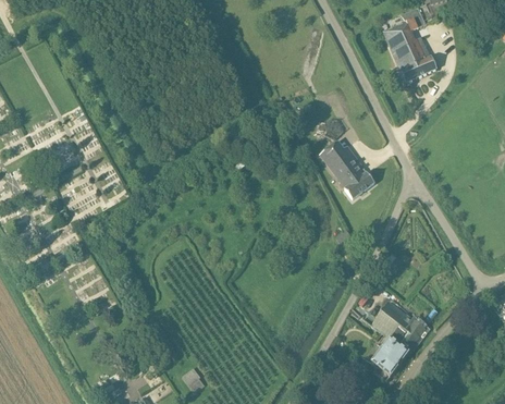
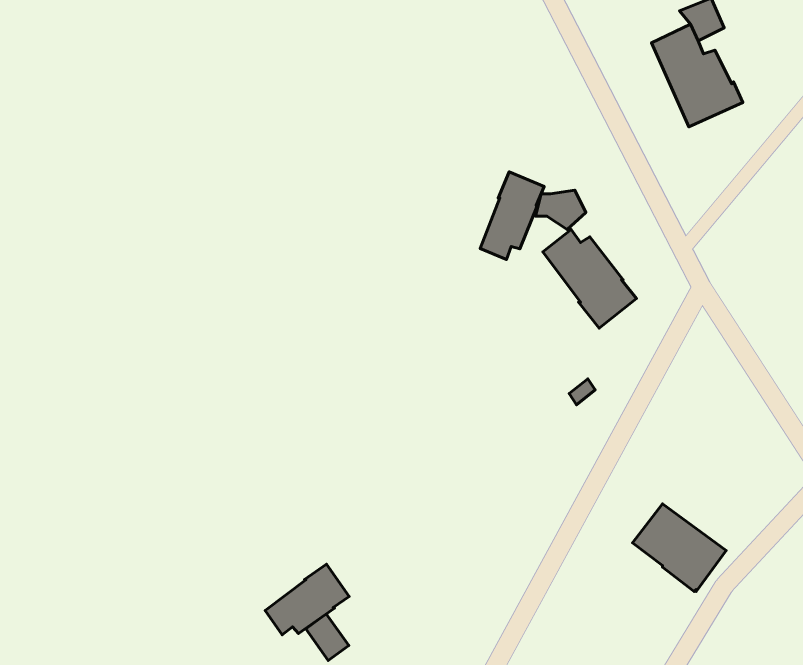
building: none -> [480,172,544,260]
building: none -> [265,564,349,635]
building: [366,339,408,383] -> none

